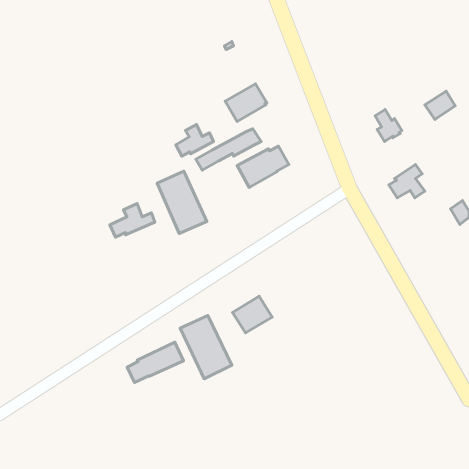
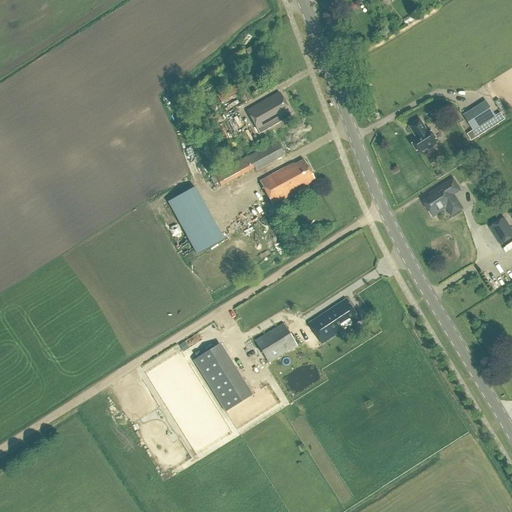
building: [176,125,214,156] -> none
building: [110,204,155,237] -> none
building: none -> [307,298,357,343]
building: [127,342,183,383] -> none

